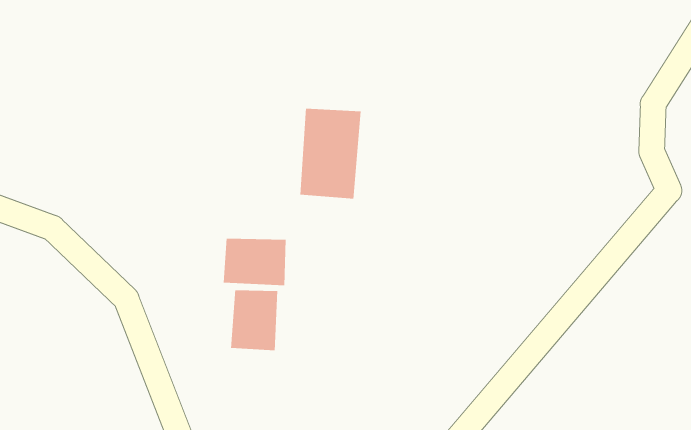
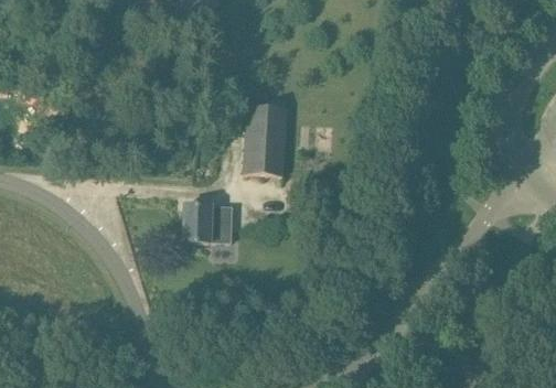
building: [231,289,278,351] -> none

